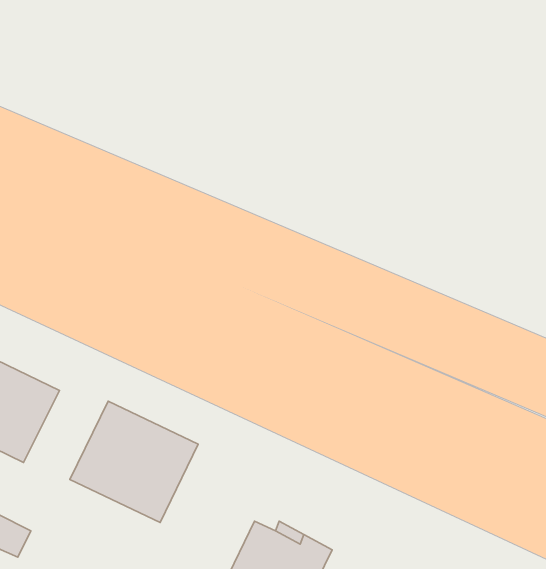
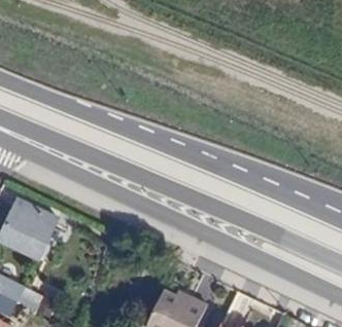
building: [70,401,198,522] -> none

